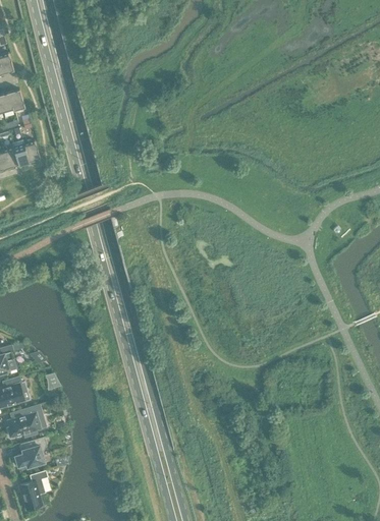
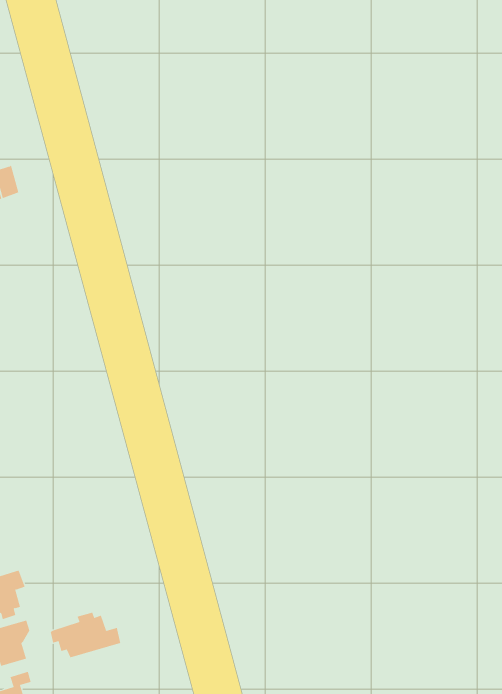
building: none -> [50,612,121,658]

